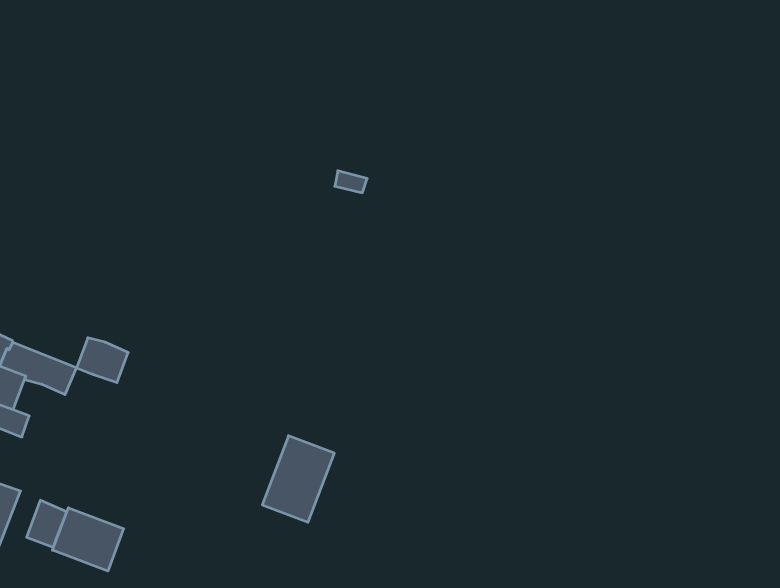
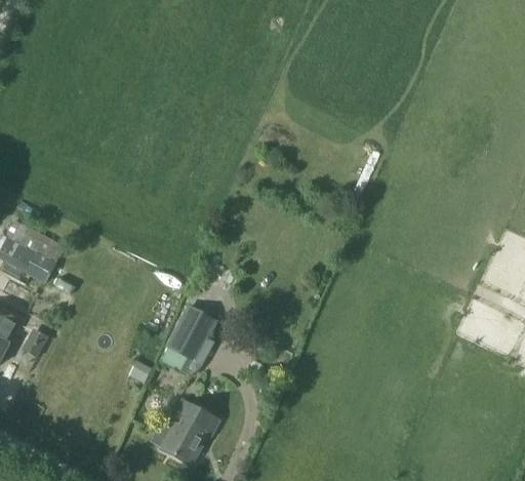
building: [77,338,128,383] -> [23,252,55,282]
building: [52,508,124,571] -> none

